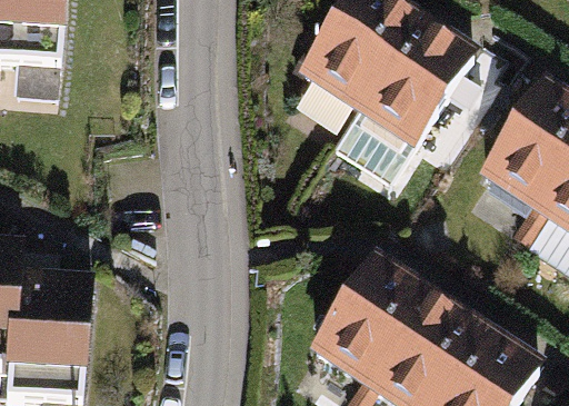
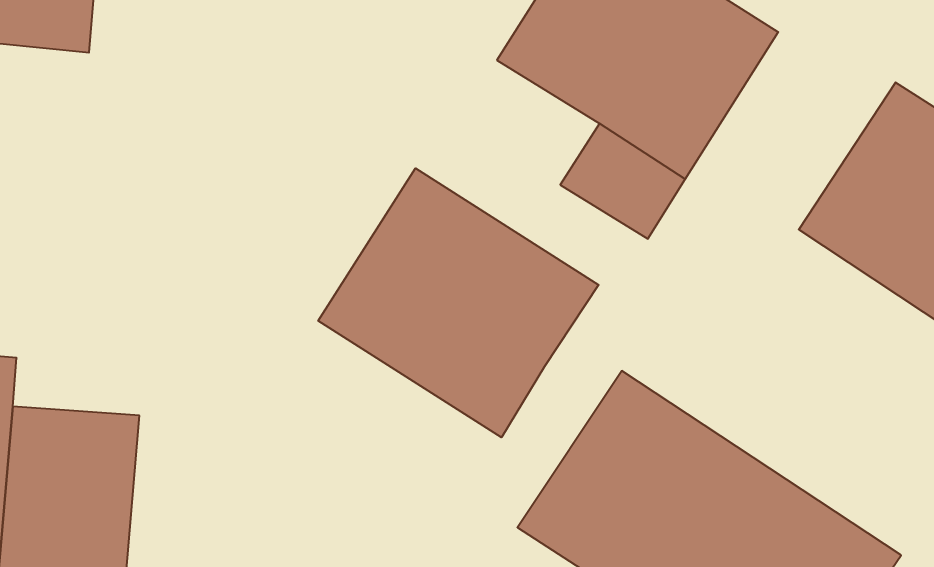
building: none -> [318,168,599,437]

